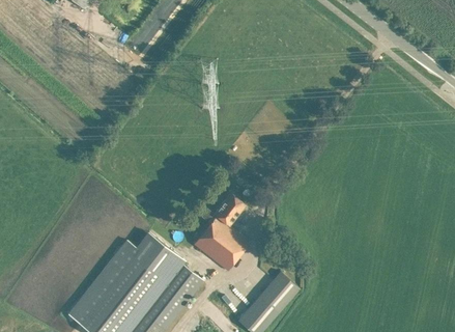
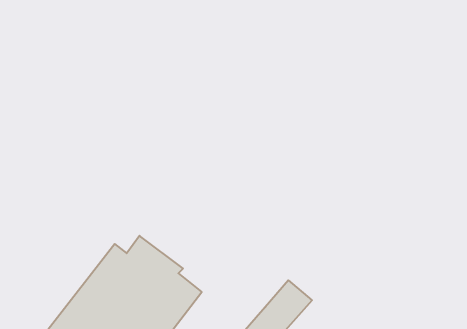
building: [193,192,249,271] -> none

